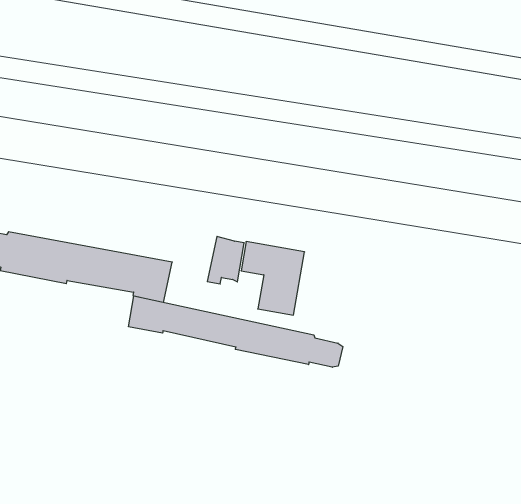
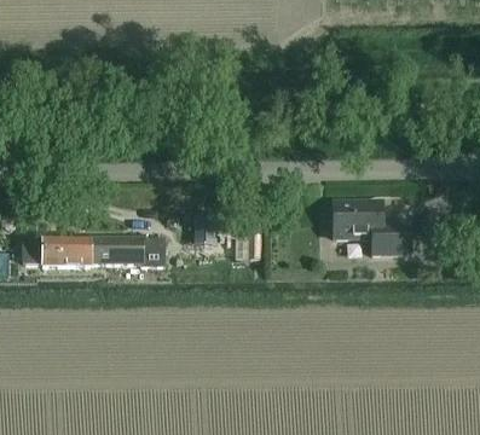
building: none -> [332,201,406,255]
building: [129,296,343,367] -> none

